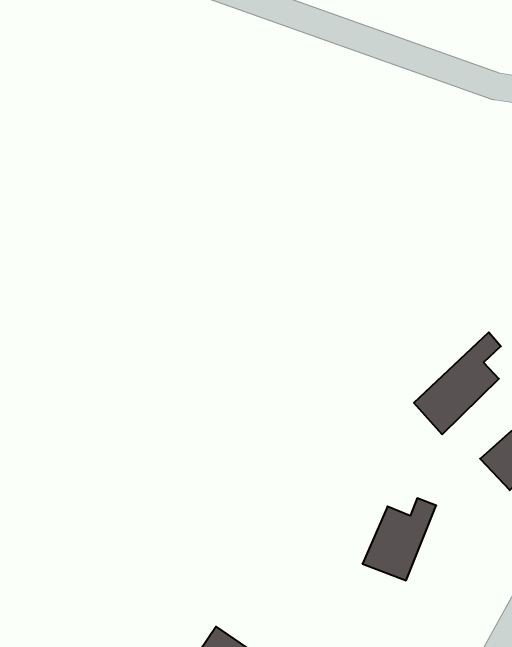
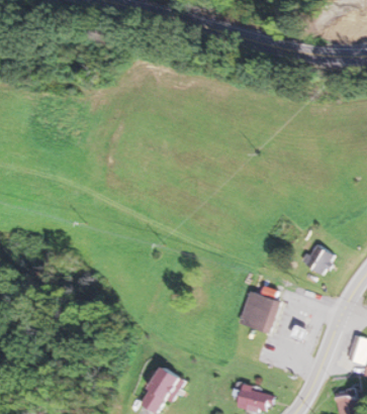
building: [414,332,501,434] -> none

